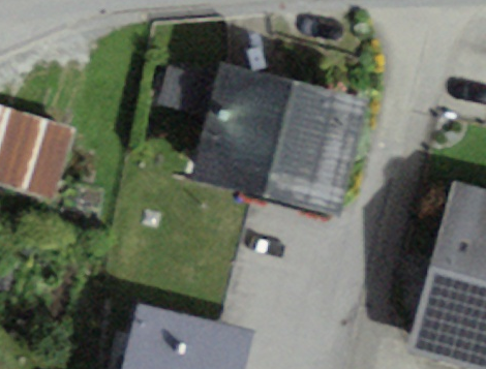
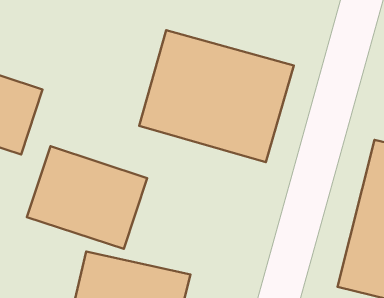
building: none -> [27,146,147,249]

